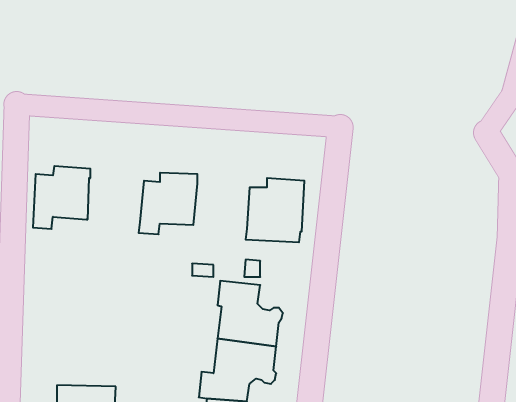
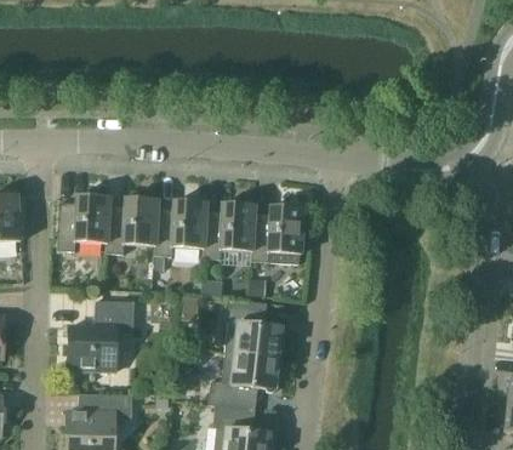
building: none -> [107,196,159,254]
building: none -> [203,203,256,260]
building: none -> [68,300,135,370]

